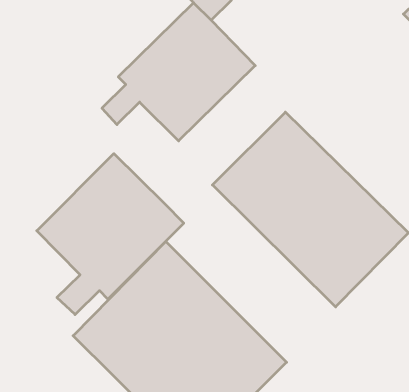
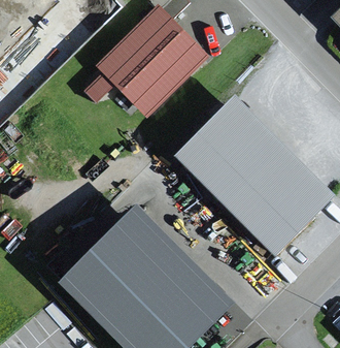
building: [37,154,184,315] -> none

